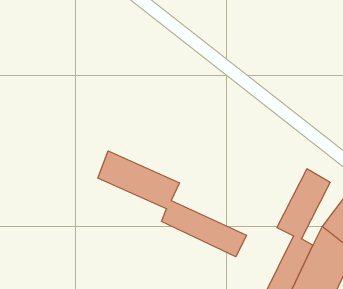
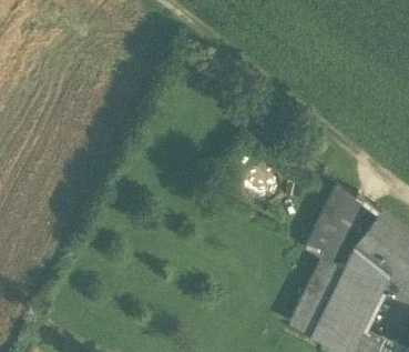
building: [98,151,246,257] -> none

